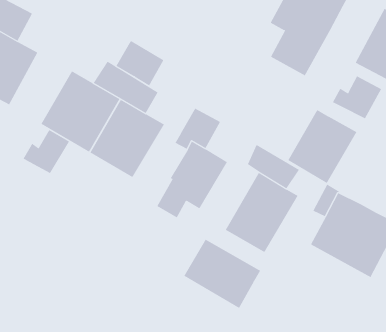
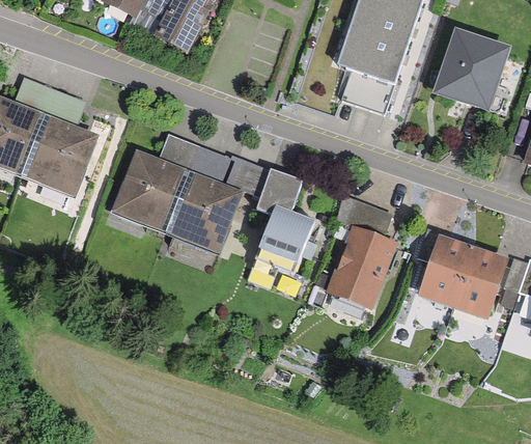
building: [116,40,164,86] -> [220,152,271,198]
building: [332,75,382,119] -> none
building: [287,109,357,184] -> none
building: [23,129,70,174] -> none
building: [183,239,261,309] -> none

